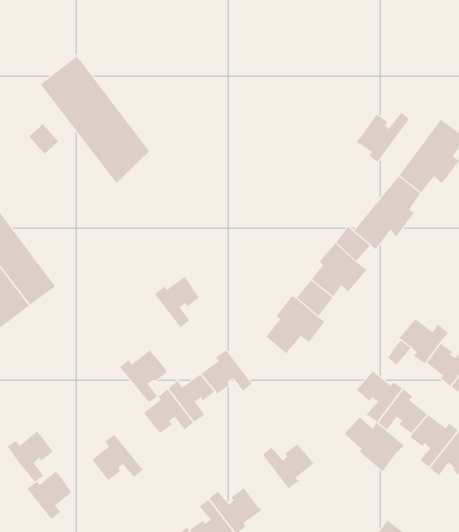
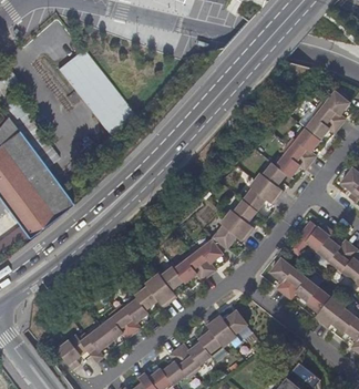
building: [356,112,410,163] -> none
building: [154,276,200,328] -> [187,235,218,270]
building: [119,349,168,403] -> [111,293,144,329]
building: [344,416,405,472] -> none
building: [7,430,54,482] -> [74,323,106,358]
building: none -> [198,319,229,355]

